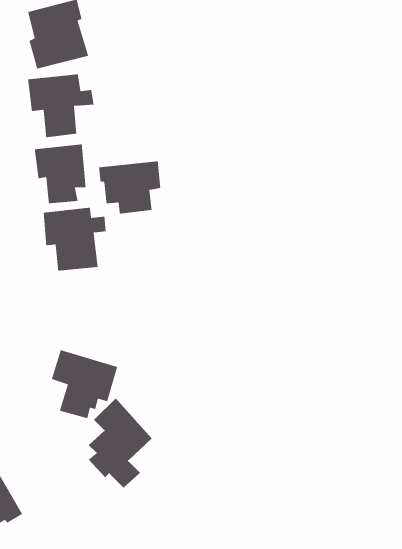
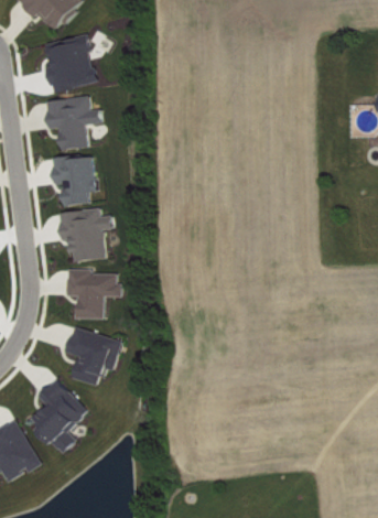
building: [98,160,161,215] -> none
building: none -> [66,269,120,317]
building: [88,398,153,489] -> [33,377,87,453]

